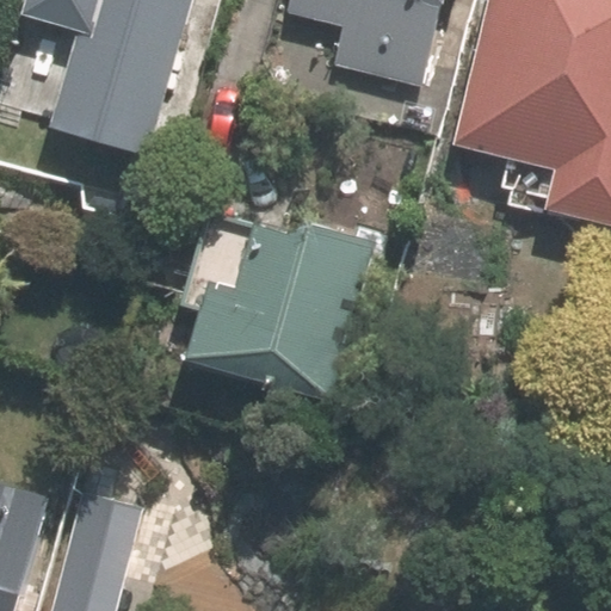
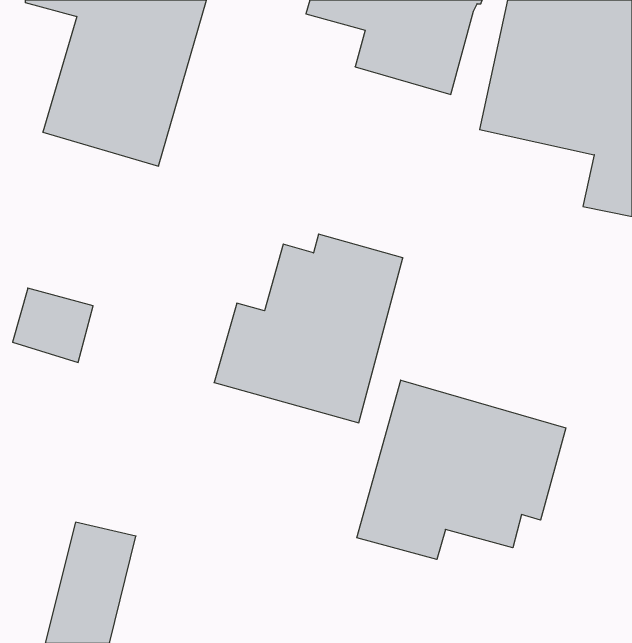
building: none -> [357,380,566,559]

